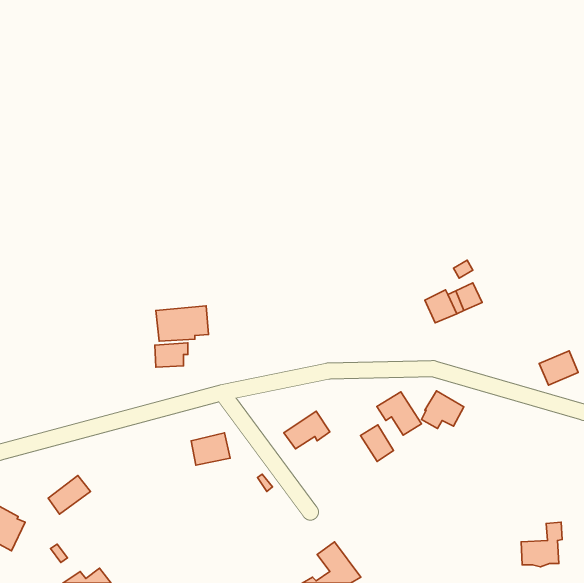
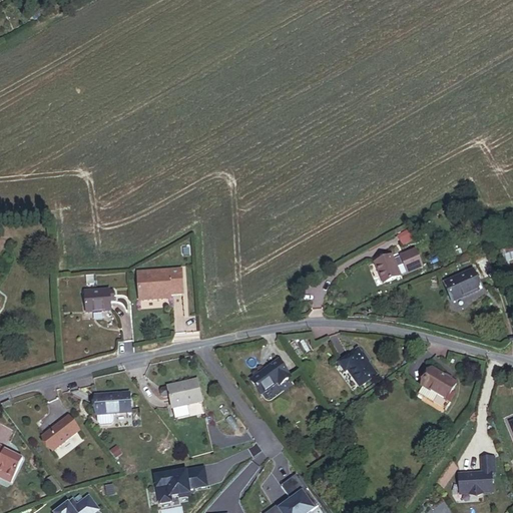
building: [155,343,188,367] -> [85,290,114,311]
building: [539,351,578,385] -> [445,270,479,300]
building: [422,391,464,429] -> [418,368,455,401]
building: [360,425,393,461] -> none
building: none -> [94,392,130,414]
building: none -> [153,467,204,502]

